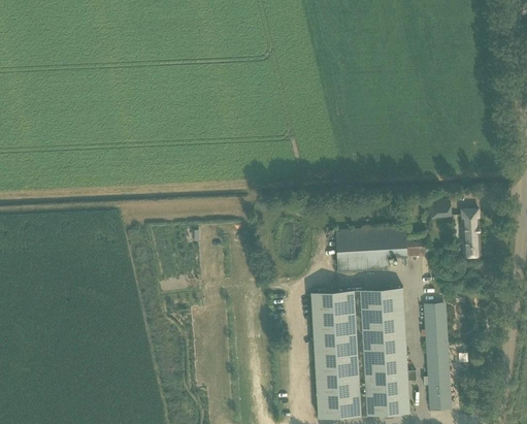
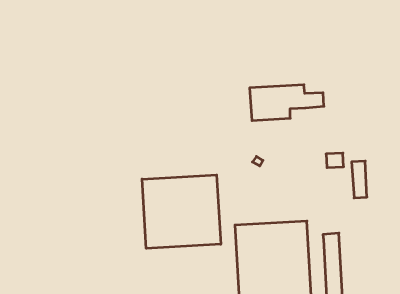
building: [335,227,431,273] -> [250,85,324,121]
building: none -> [142,175,221,248]

